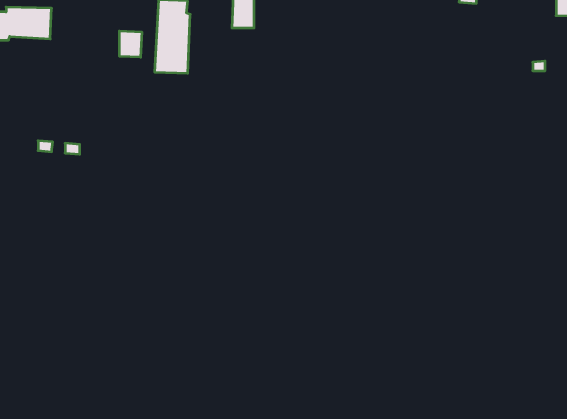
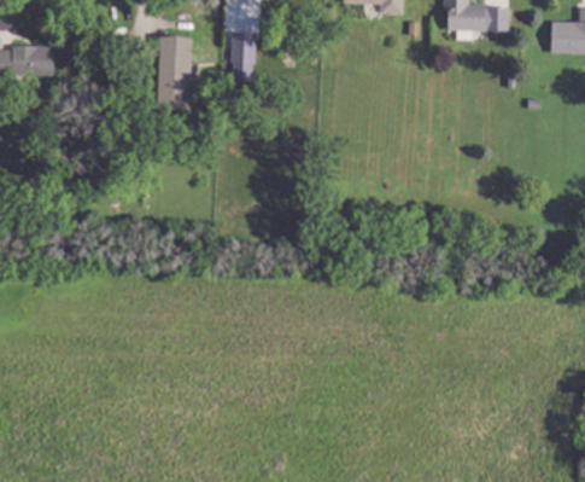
building: [119,31,142,57] -> none

